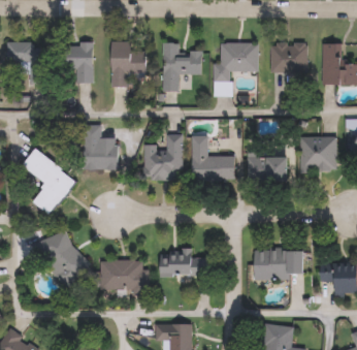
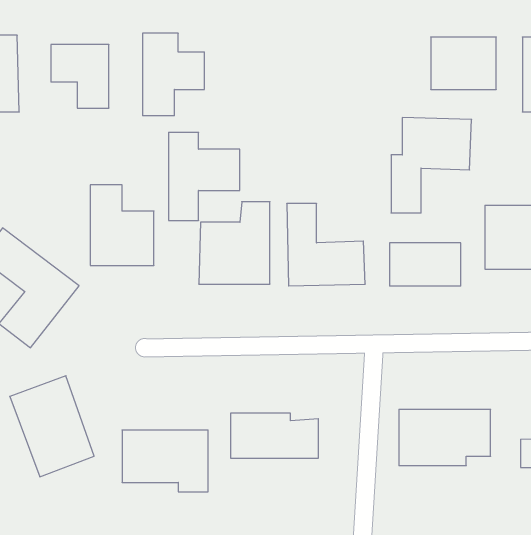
building: [162,42,201,91] -> [169,132,240,220]
building: [214,42,258,95] -> [391,118,472,213]

